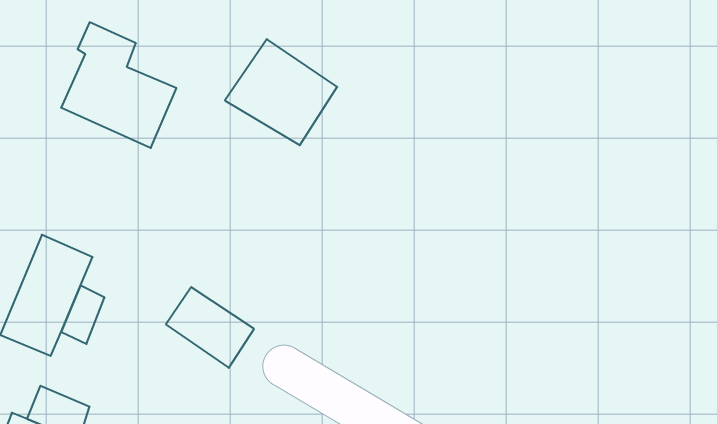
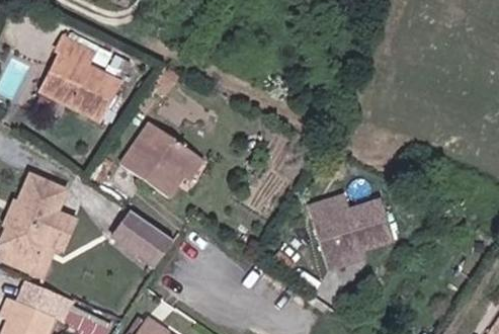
building: [225,39,337,145] -> [117,122,193,194]
building: none -> [310,199,390,269]

